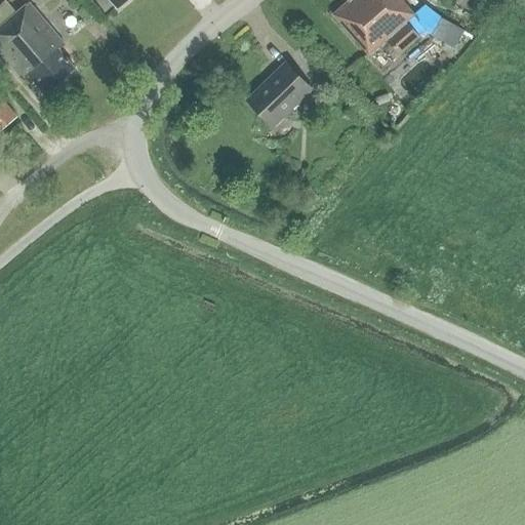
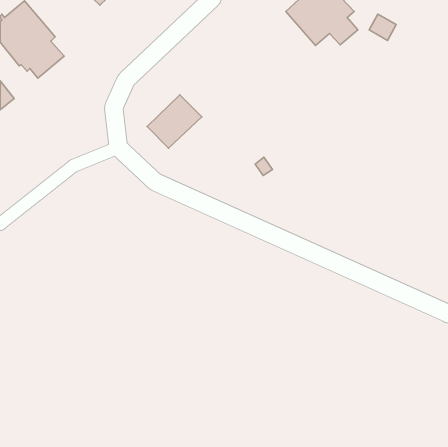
building: [247,62,311,124] -> [147,95,202,148]

